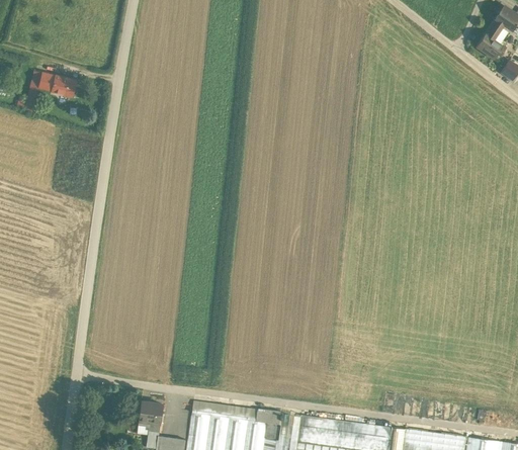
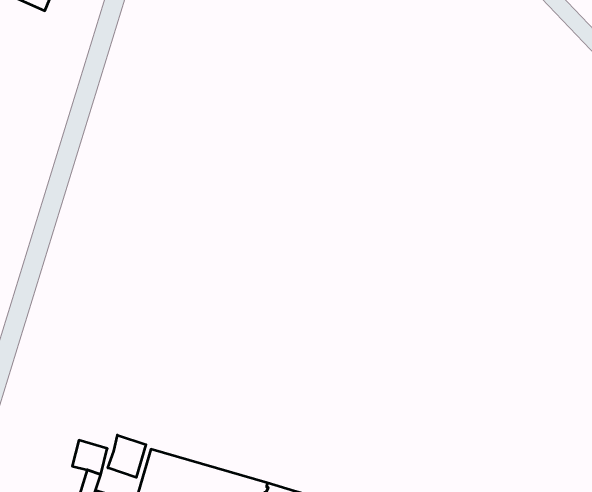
building: none -> [108,435,146,477]

